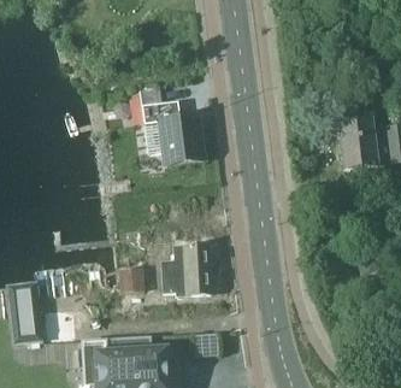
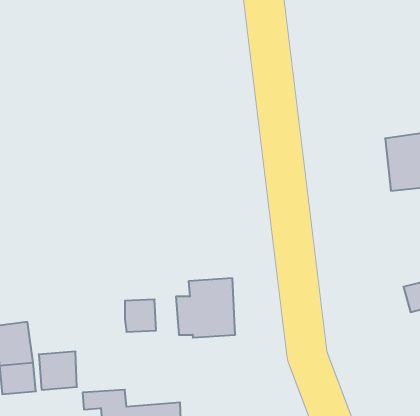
building: [142,99,204,164] -> none

